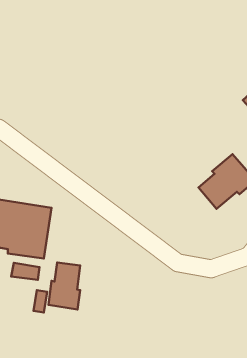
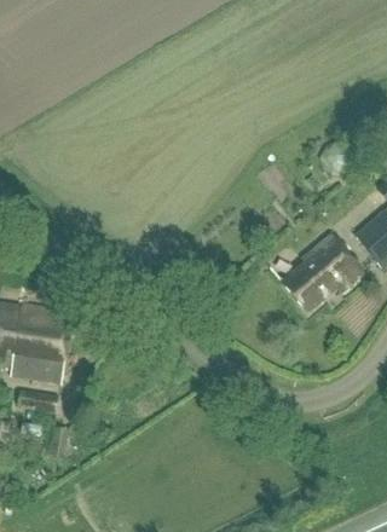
building: [48,262,80,309] -> none

